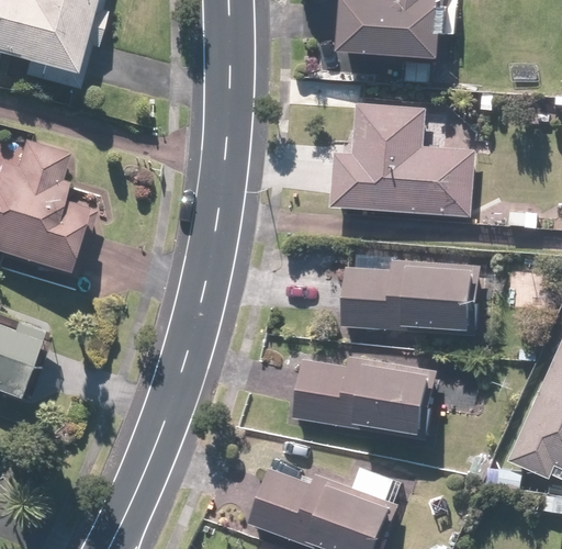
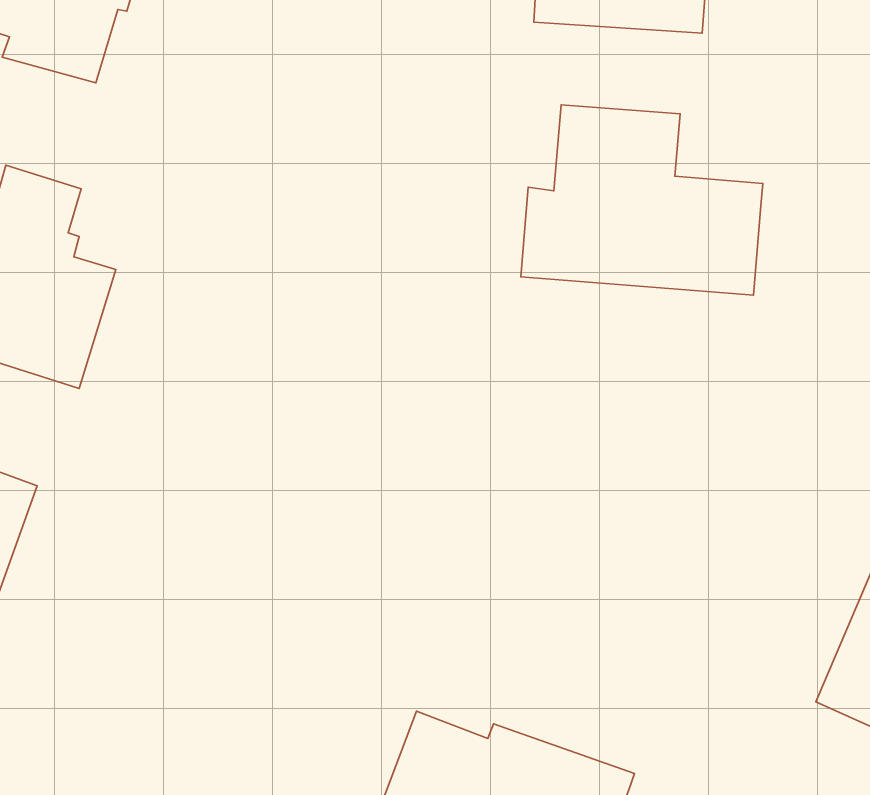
building: [340,260,482,339] -> none
building: [292,357,437,435] -> none

